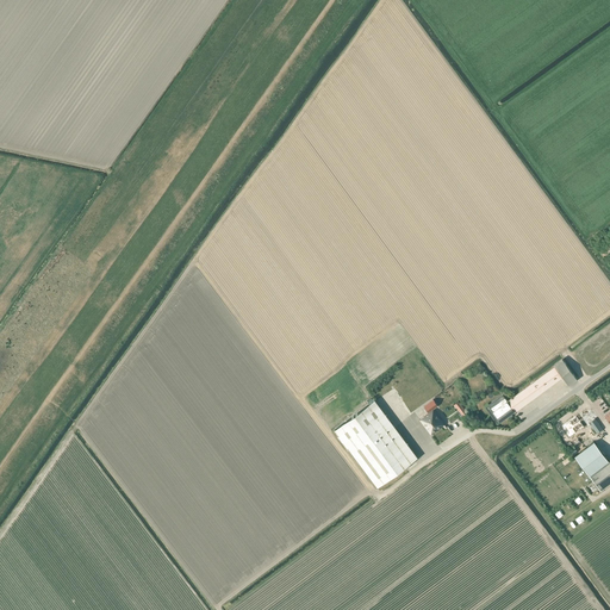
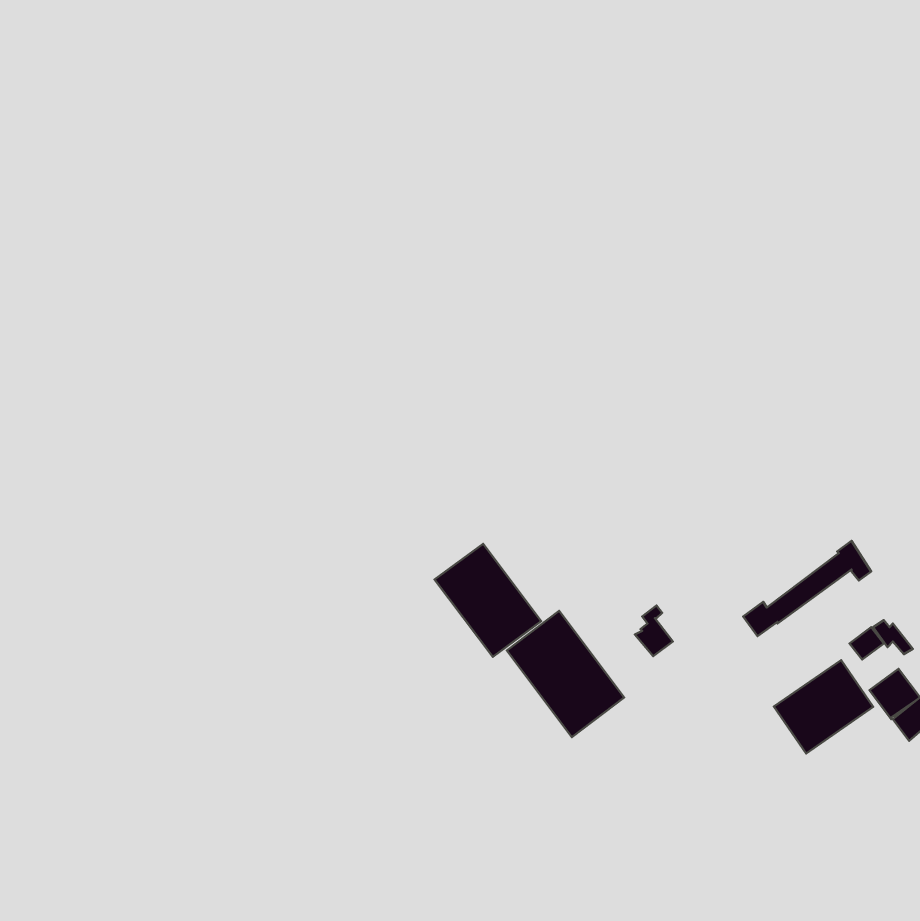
building: none -> [435,544,541,657]
building: none -> [774,660,873,753]

